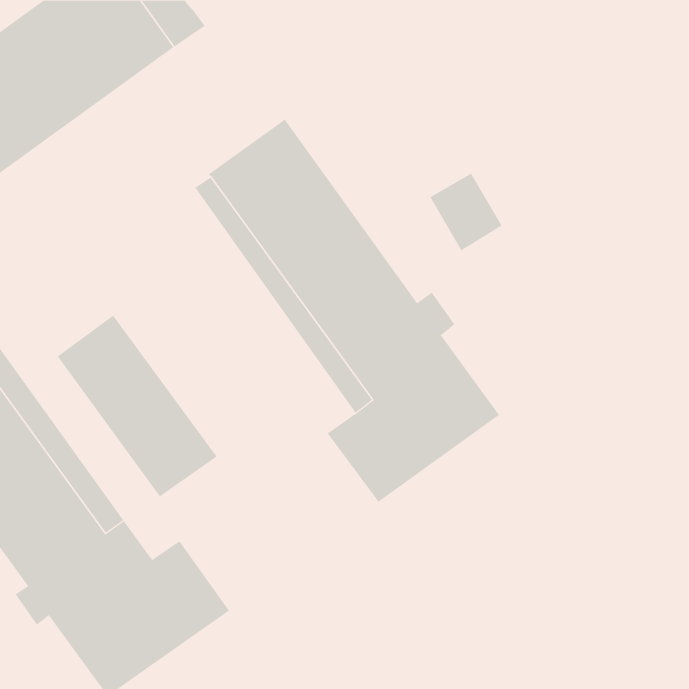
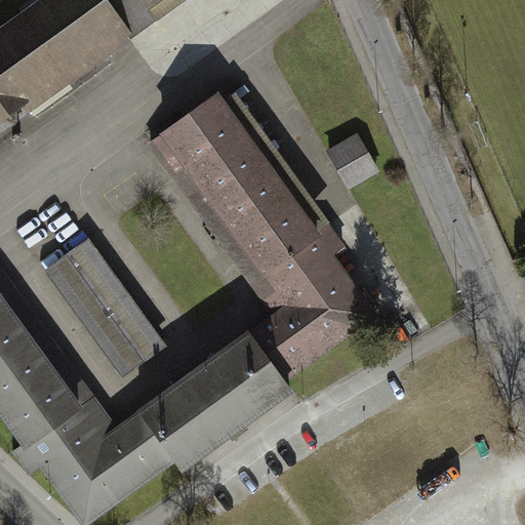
building: none -> [135,328,293,473]

